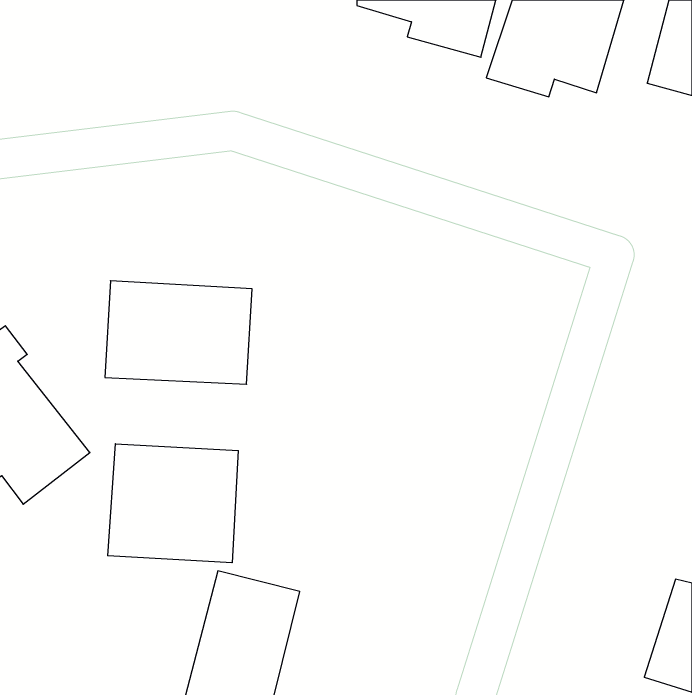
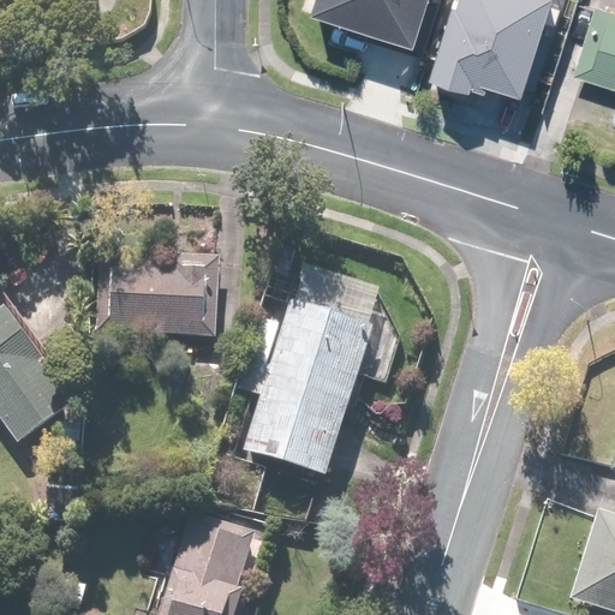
building: none -> [238,247,400,474]
building: [108,444,238,563] -> none

